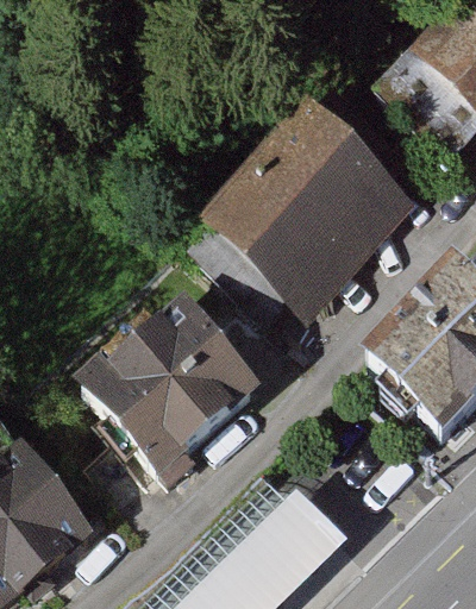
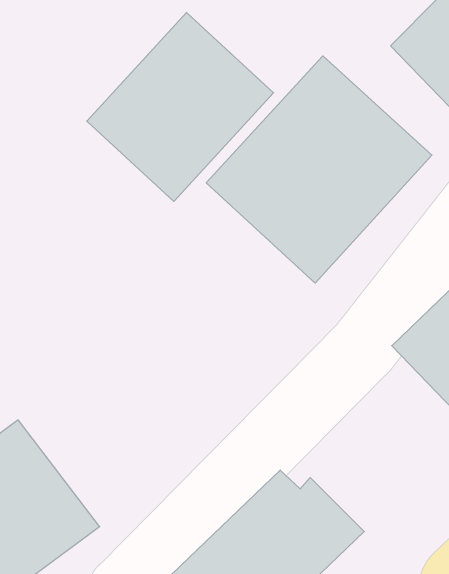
building: none -> [87,12,274,201]
building: [74,295,259,478] -> none

